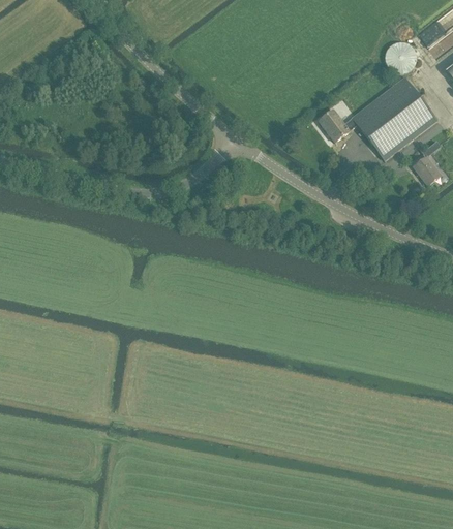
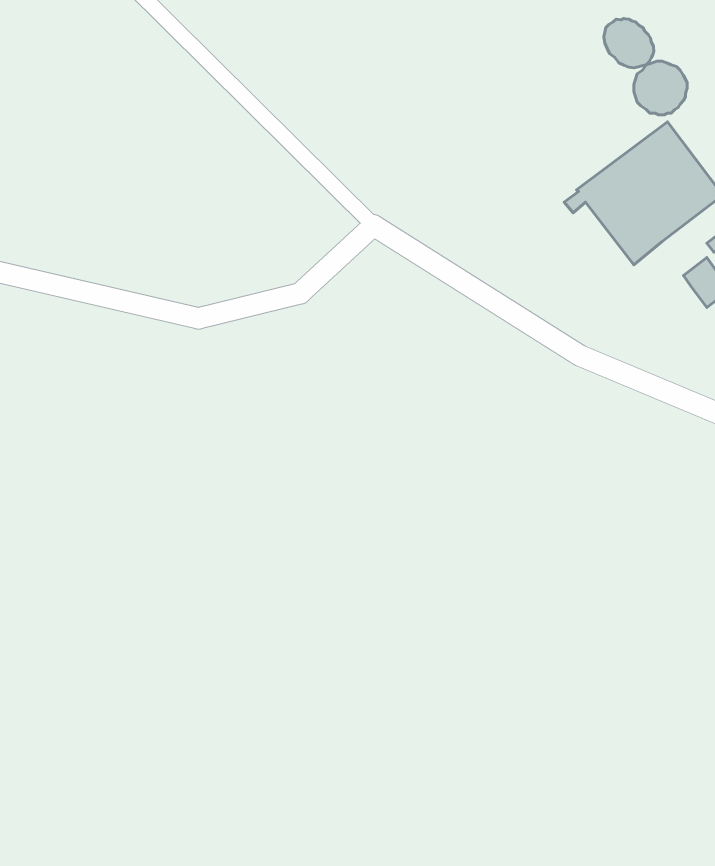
building: none -> [604,19,654,68]
building: [319,108,350,142] -> none

